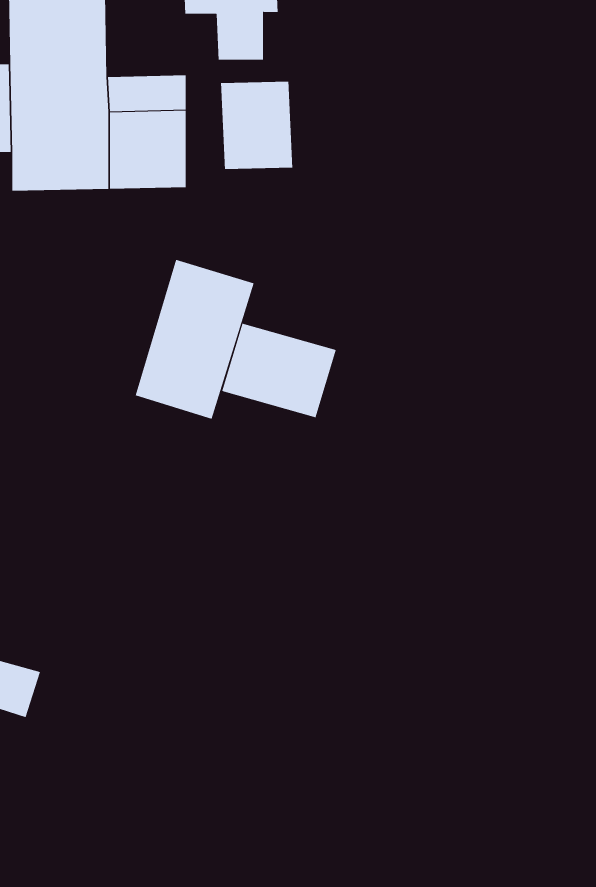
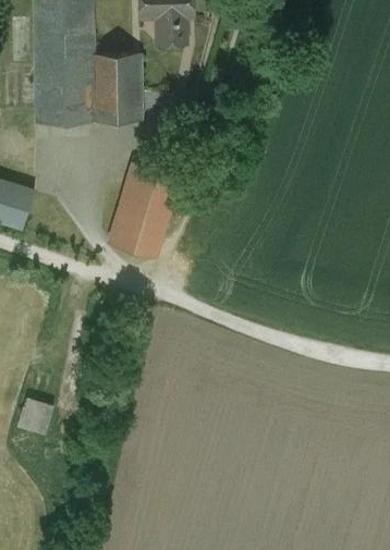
building: [221,81,293,170] -> none
building: [221,323,337,418] -> none

